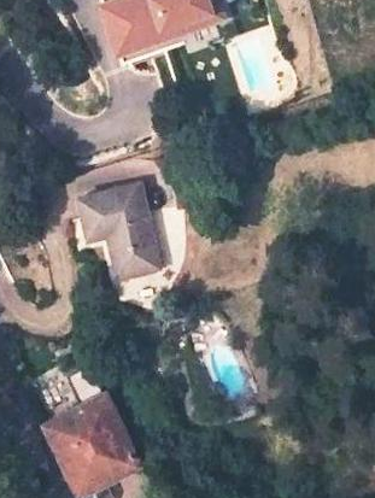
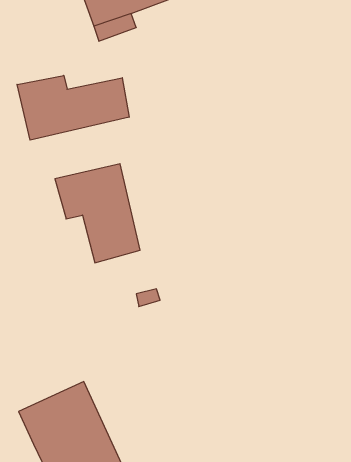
building: none -> [17,75,129,140]

